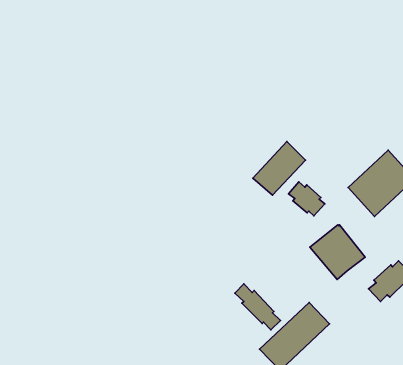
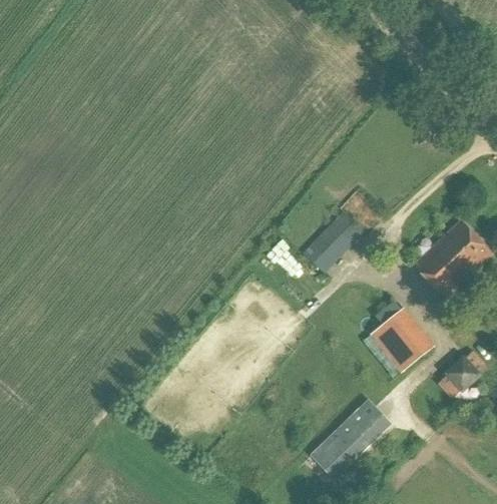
building: [288,182,325,216] -> none
building: [235,284,281,330] -> none

